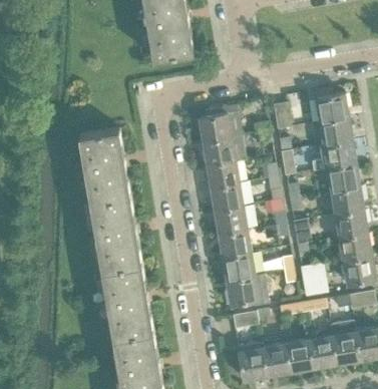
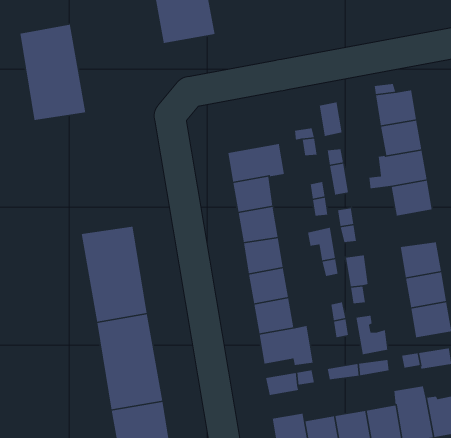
building: [198,105,242,141] -> none
building: [78,129,129,204] -> [19,24,86,121]
building: [331,185,362,214] -> none

